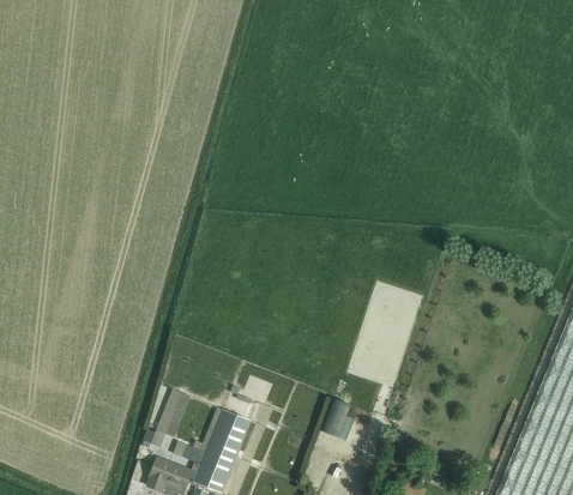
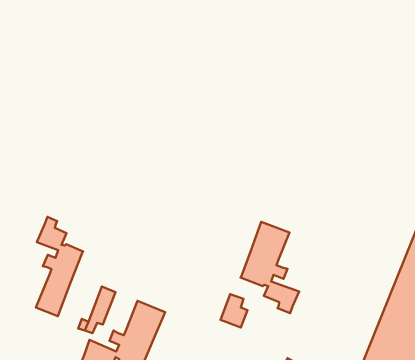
building: none -> [36,217,83,316]
building: none -> [241,222,299,313]

